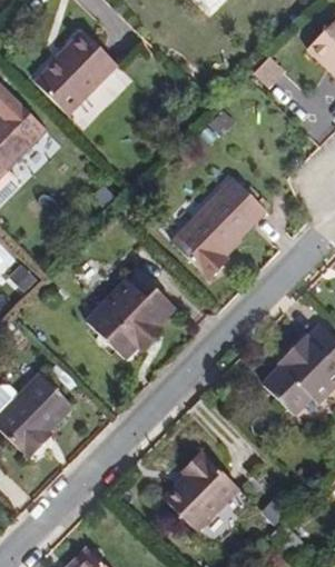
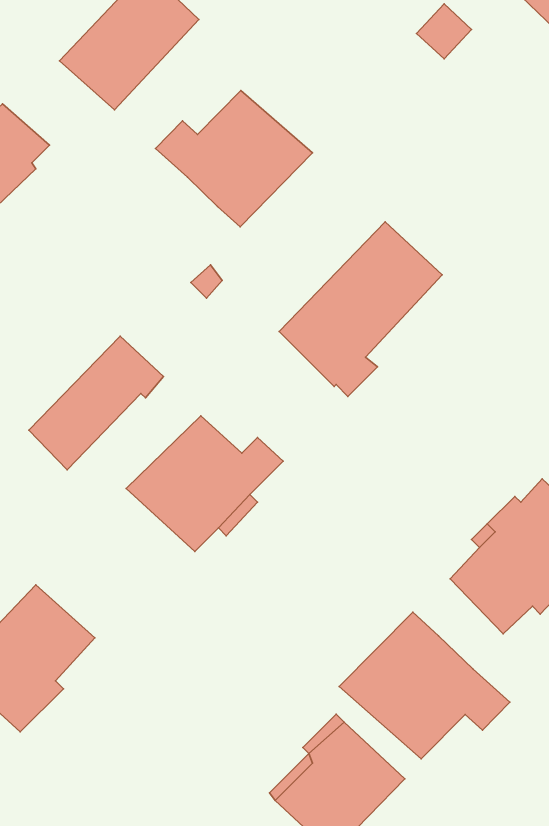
building: none -> [156,91,312,227]
building: none -> [29,336,164,470]
building: none -> [339,612,510,759]

